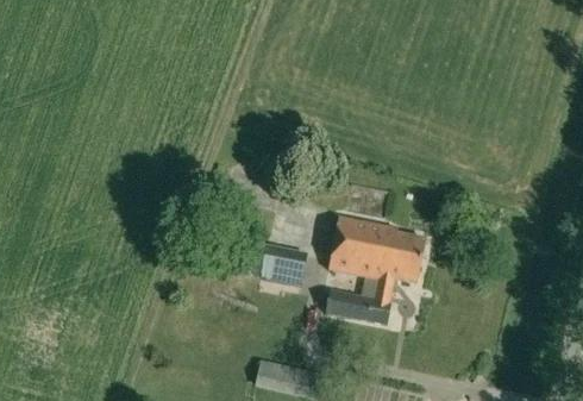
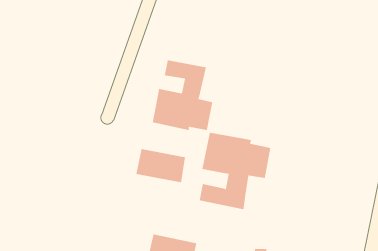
building: none -> [152,60,213,131]

